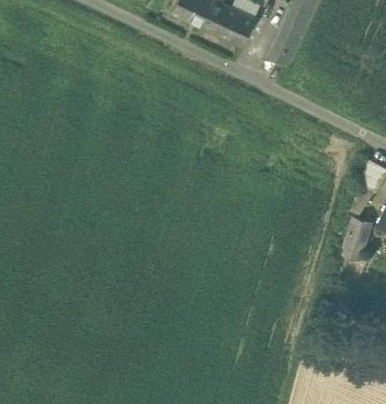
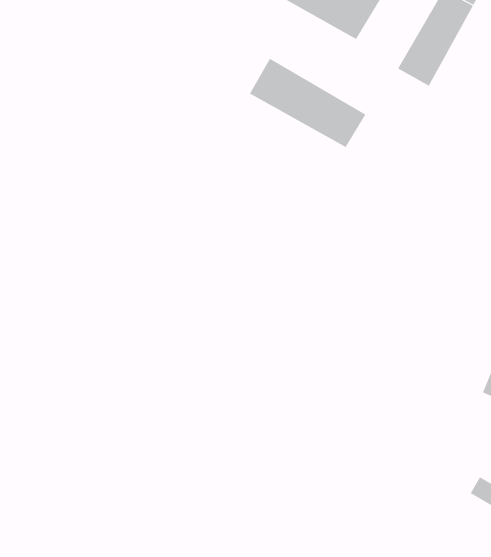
building: none -> [249,58,366,148]

